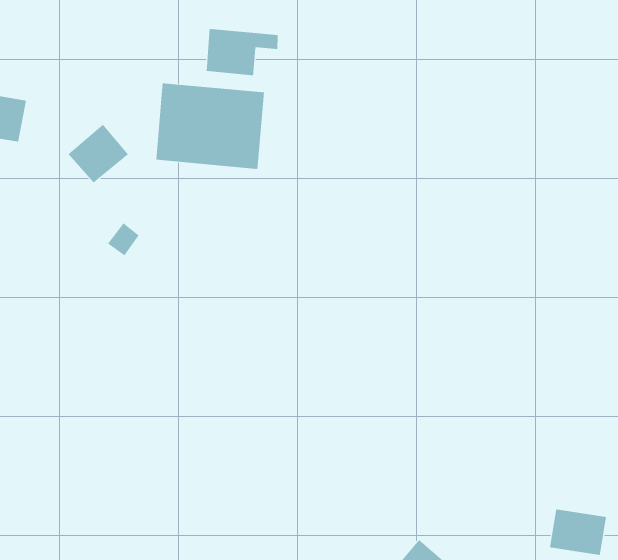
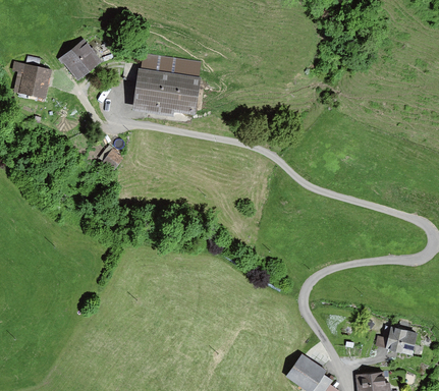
building: [206,28,278,76] -> none
building: [68,124,129,183] -> [62,43,101,80]

